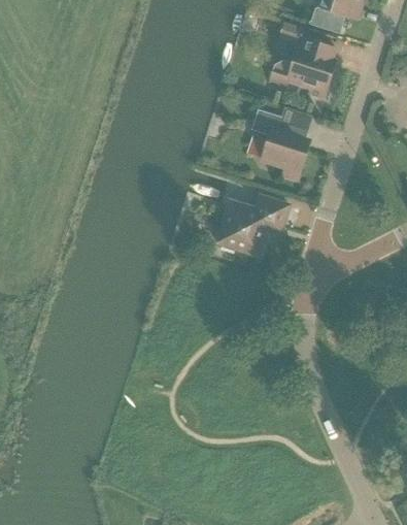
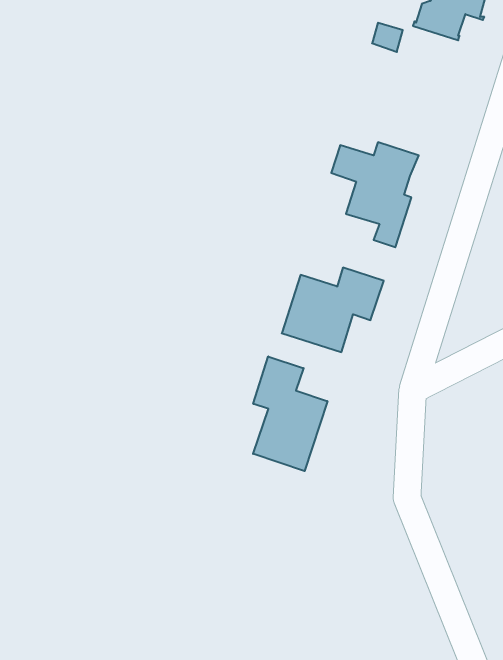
building: [267,38,334,101] -> none
building: none -> [253,356,327,471]

